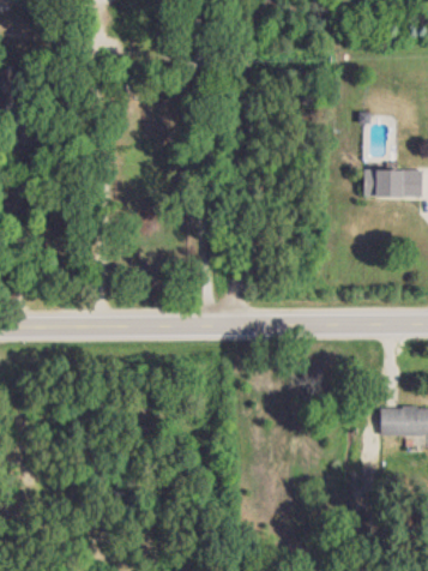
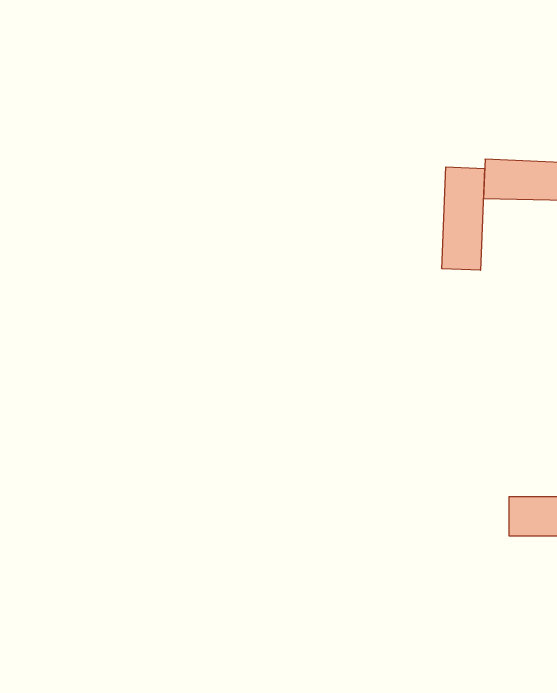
building: none -> [442,167,485,270]

